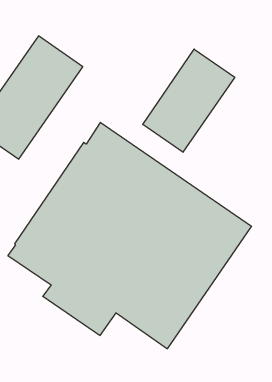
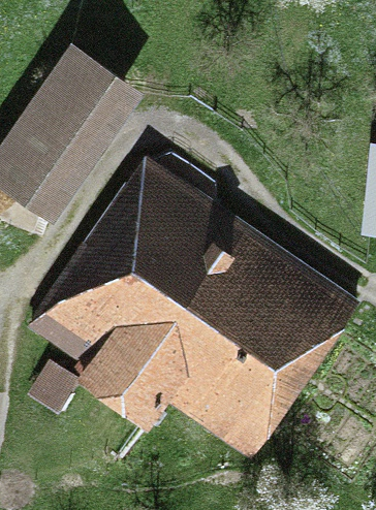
building: [143,49,235,152] -> none

